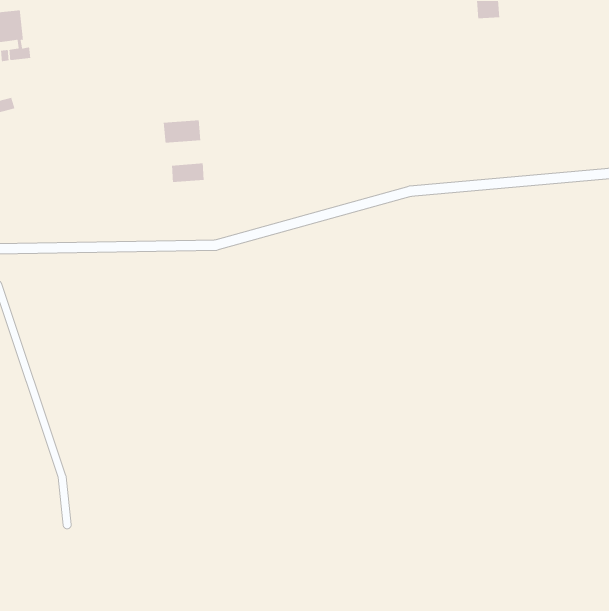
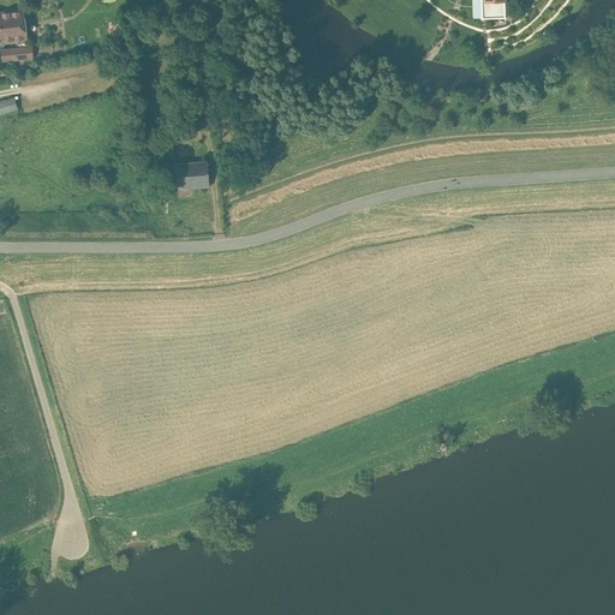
building: [163,119,201,144] -> none

